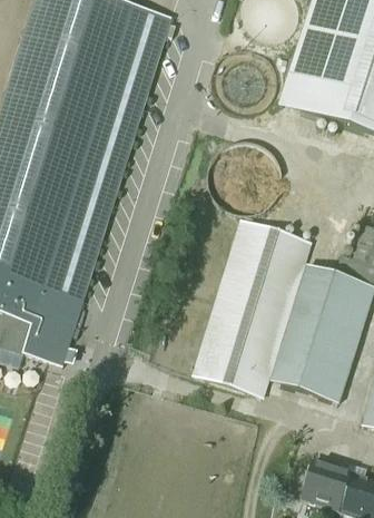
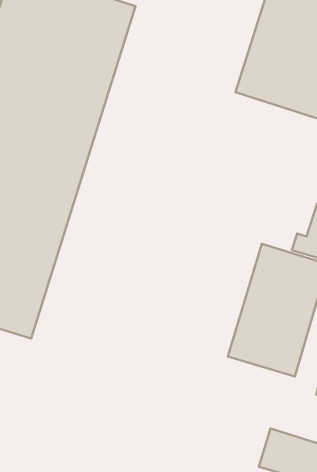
building: [194,218,311,395] -> none

